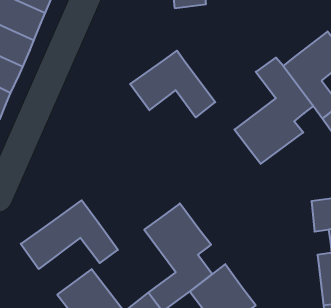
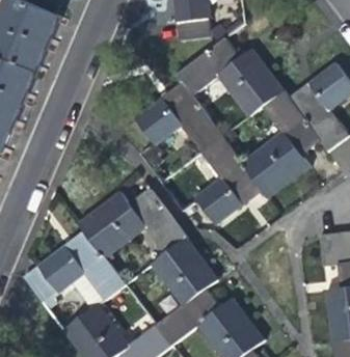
building: none -> [174,35,284,115]
building: none -> [194,134,259,220]
building: none -> [76,188,185,258]

